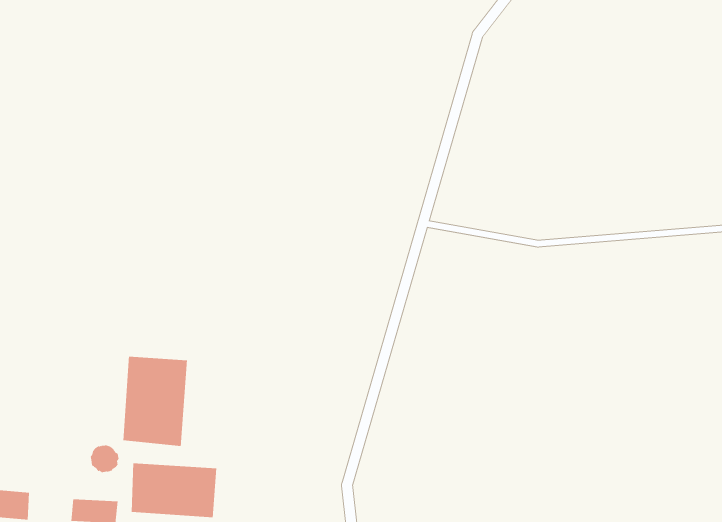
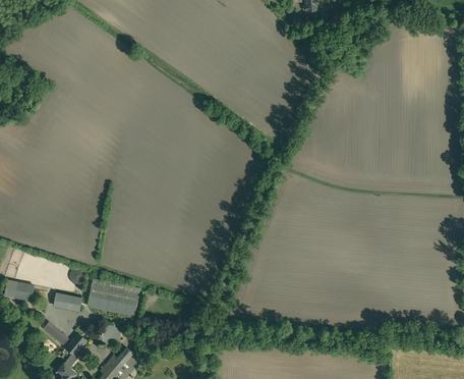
building: [123,356,188,447] -> none

